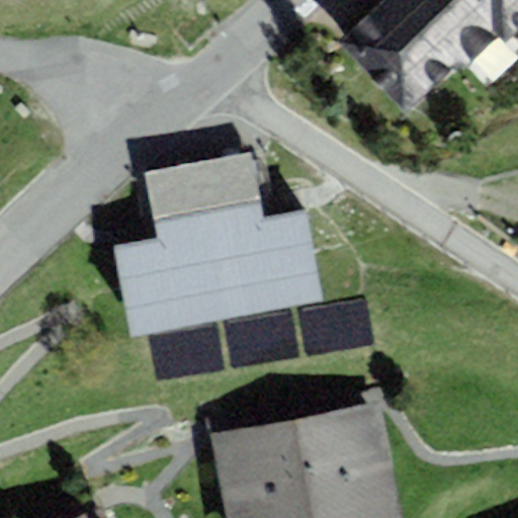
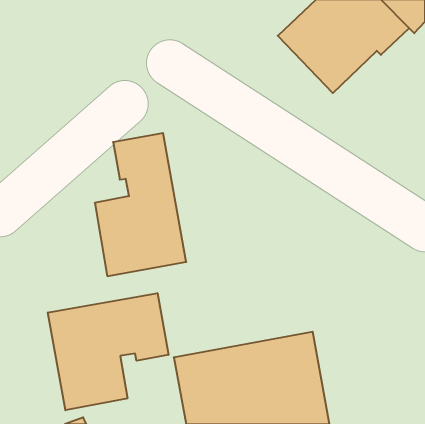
building: [198,151,323,319] -> none
building: none -> [48,293,168,410]

